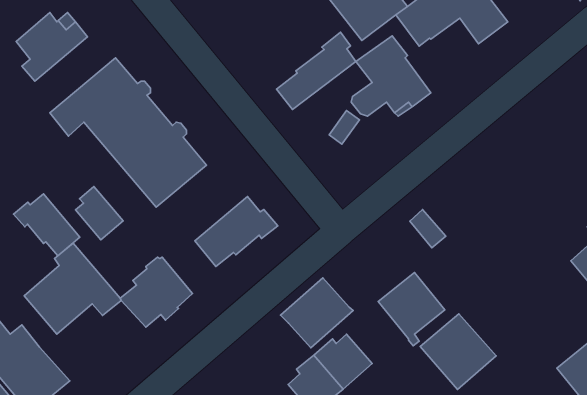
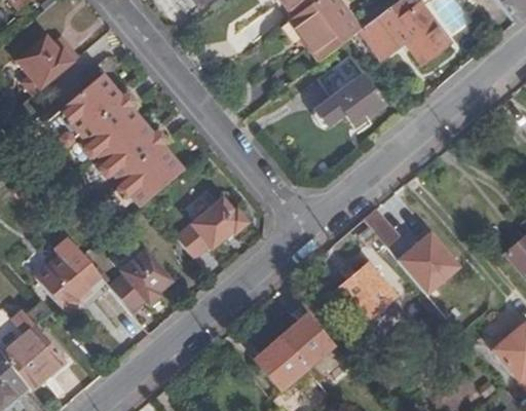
building: [277,32,356,110] -> none
building: [75,187,123,240] -> none
building: [13,194,80,256] -> none
building: [281,278,353,348] -> none
building: [420,314,496,390] -> [394,226,461,293]

